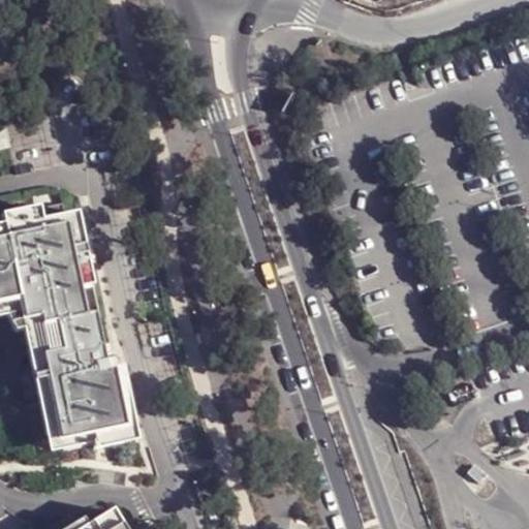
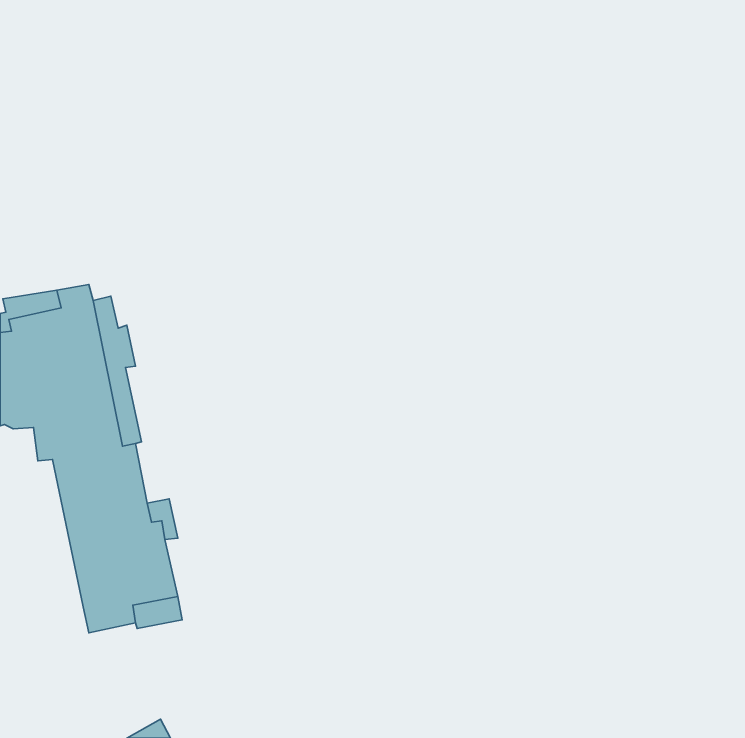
building: [6,303,59,433] -> none

